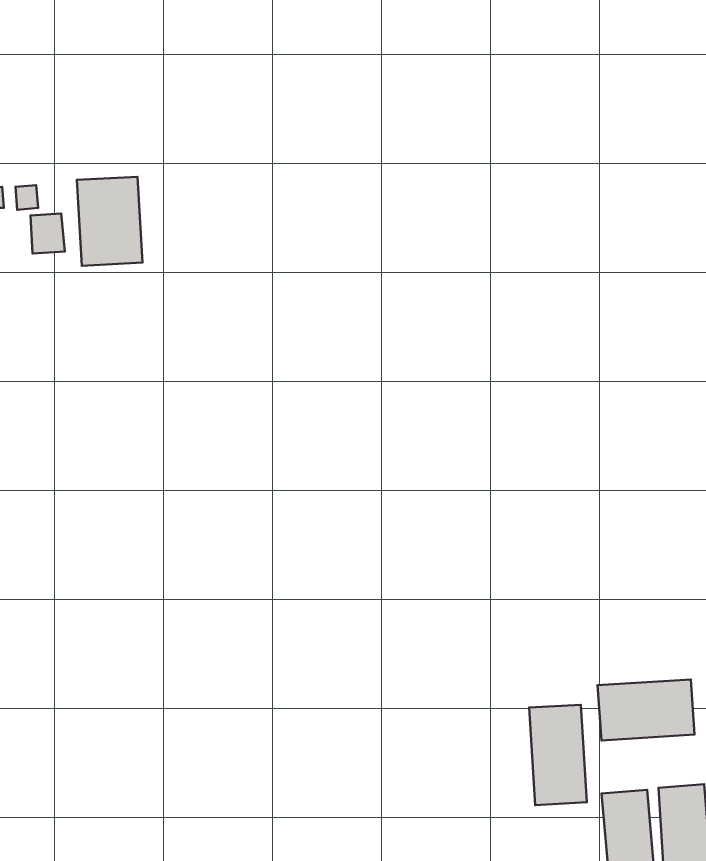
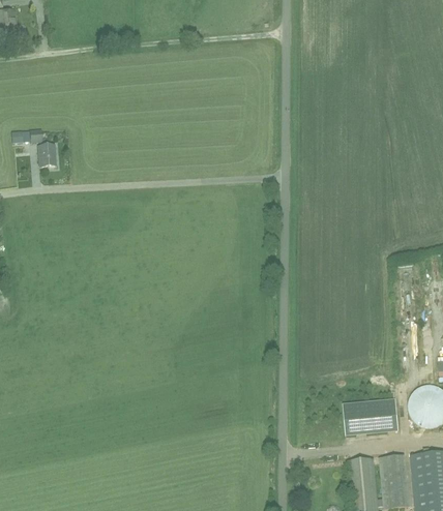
building: [77,177,143,266] -> none
building: [529,705,587,805] -> none

